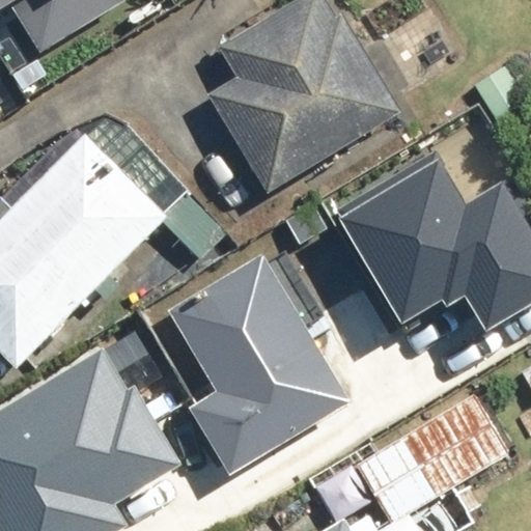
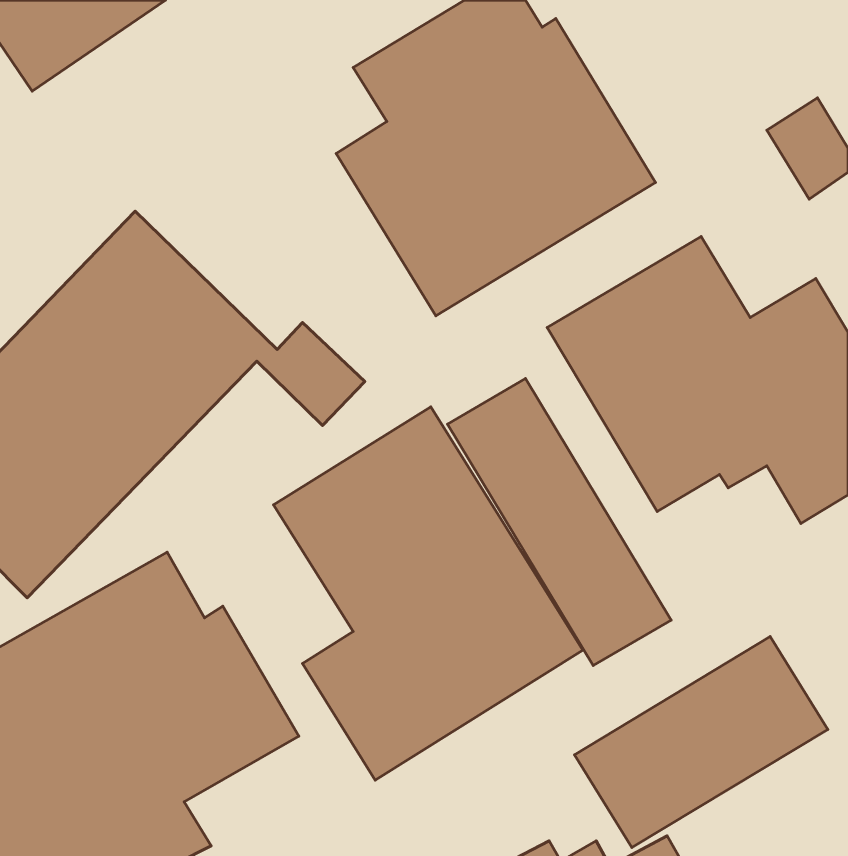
building: none -> [447,379,671,666]

